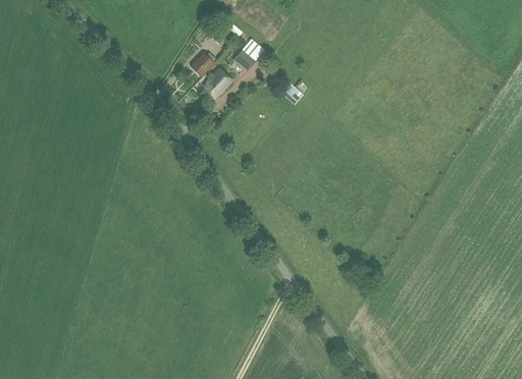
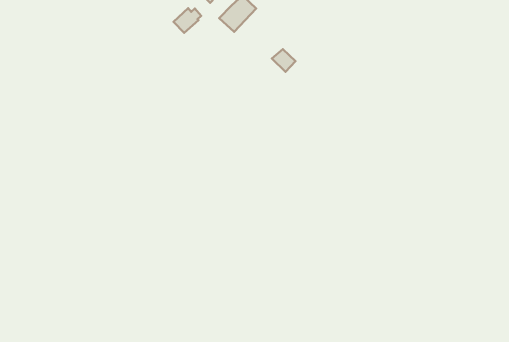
building: [203,67,231,97] -> none

